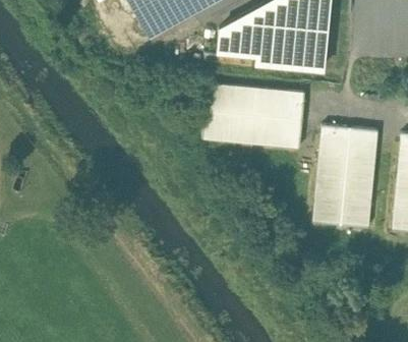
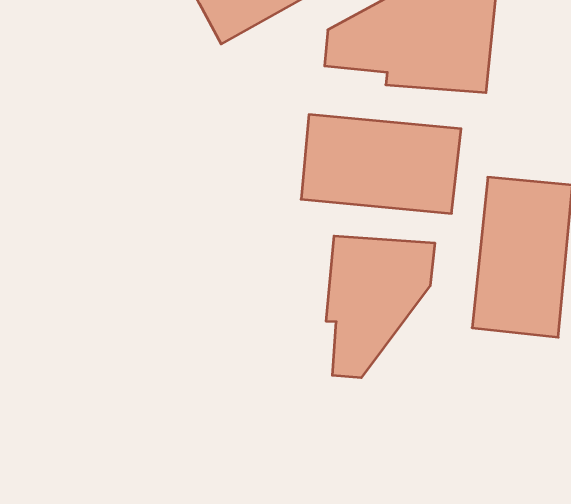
building: none -> [326,236,435,378]

